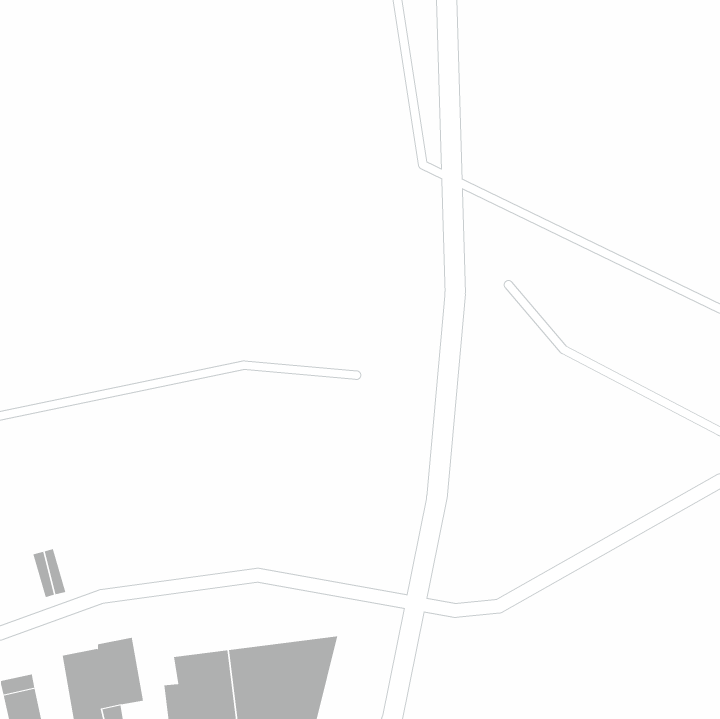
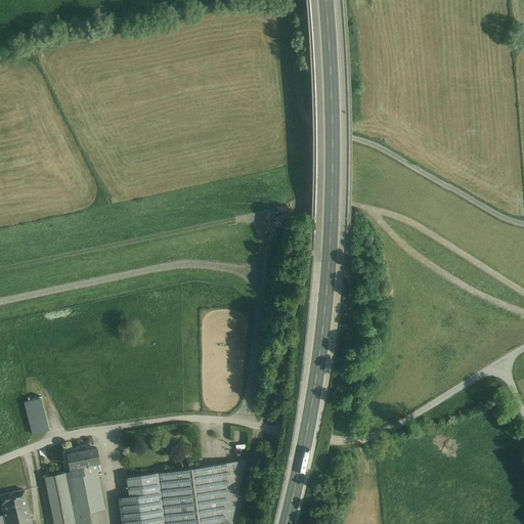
building: none -> [67,449,99,469]

